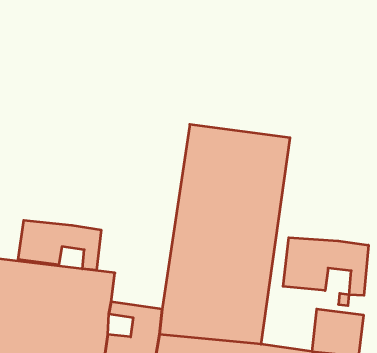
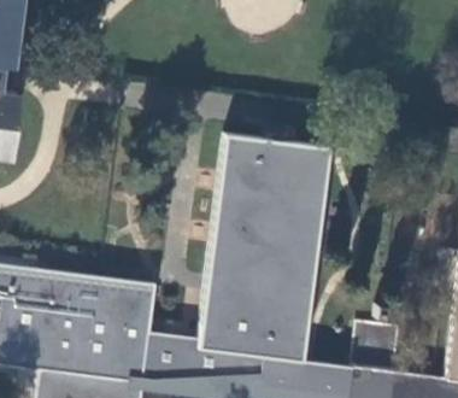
building: [18,220,101,270] -> none
building: [283,238,368,295] -> none

